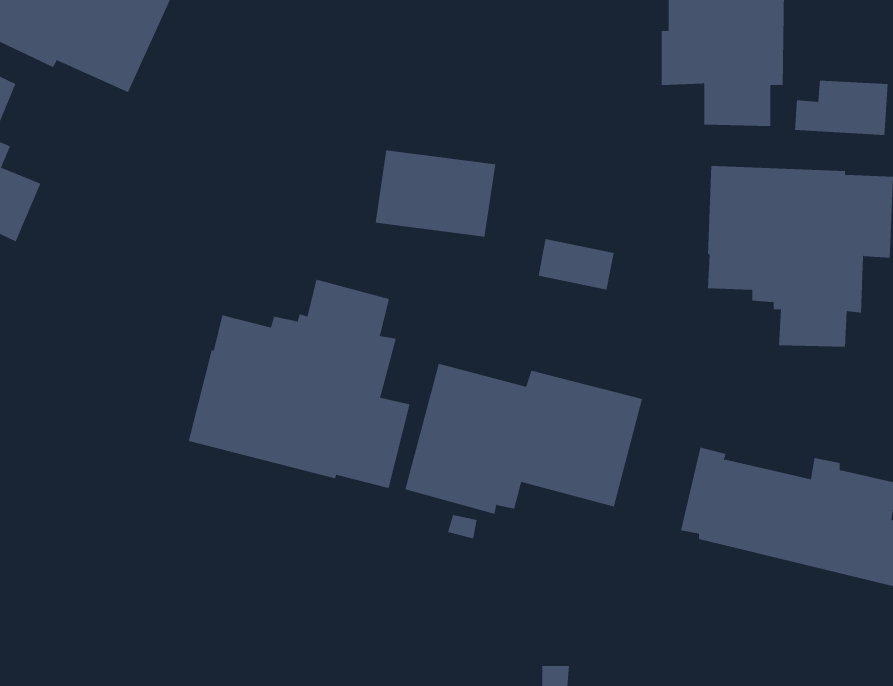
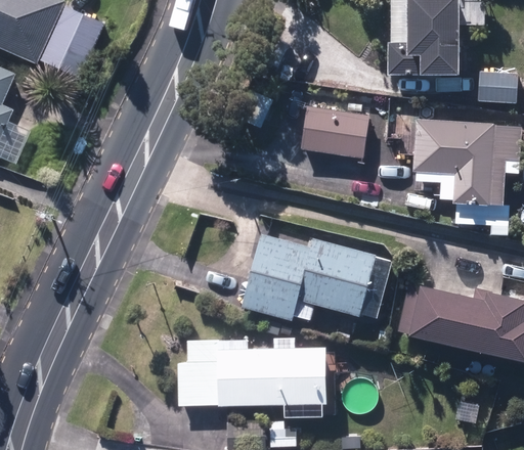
building: [375,150,496,237] -> [300,107,369,158]
building: [188,279,410,489] -> none
building: none -> [176,340,326,407]

